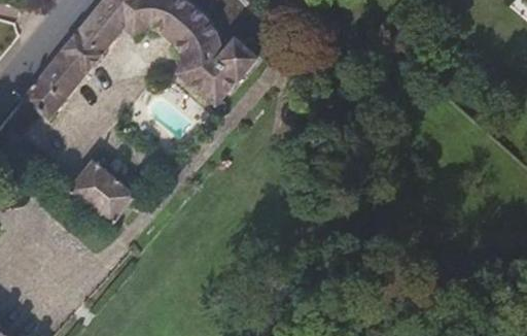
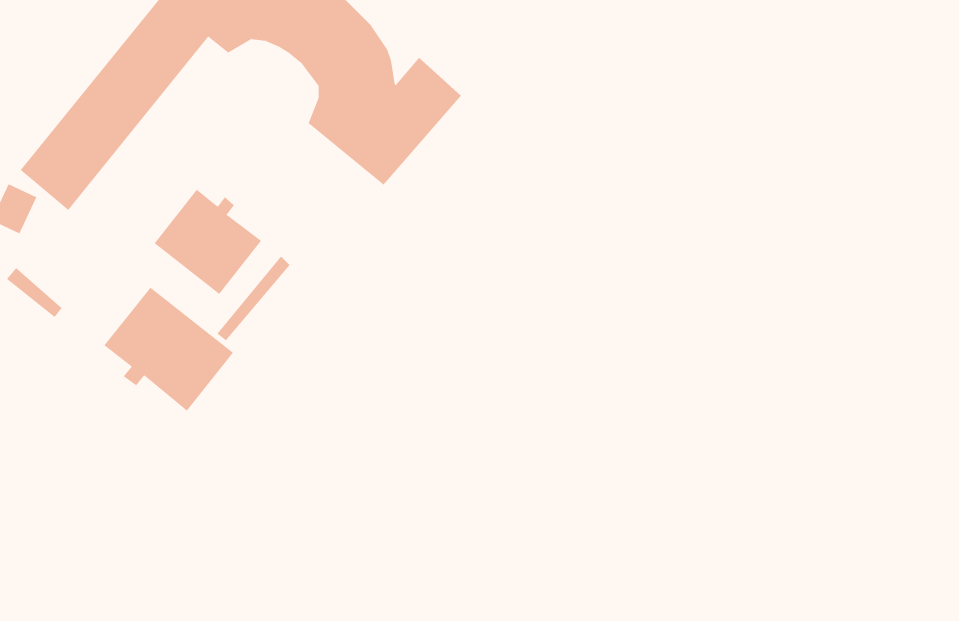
building: none -> [154,189,262,295]

